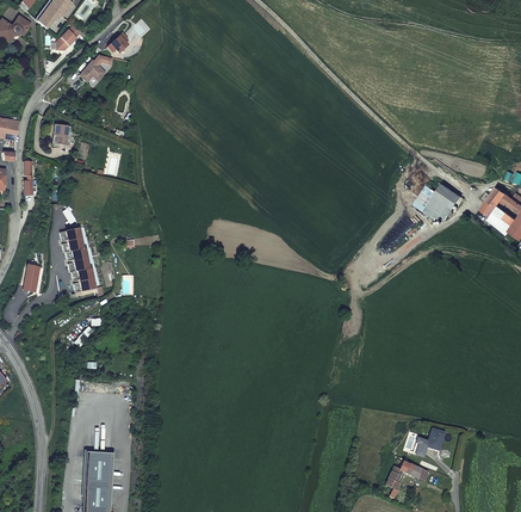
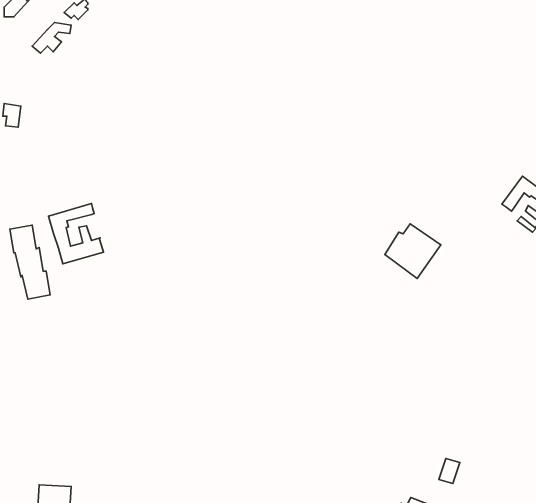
building: [415,179,463,226] -> [385,224,441,278]
building: none -> [49,204,104,264]

